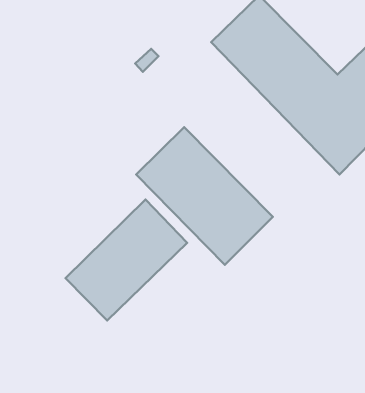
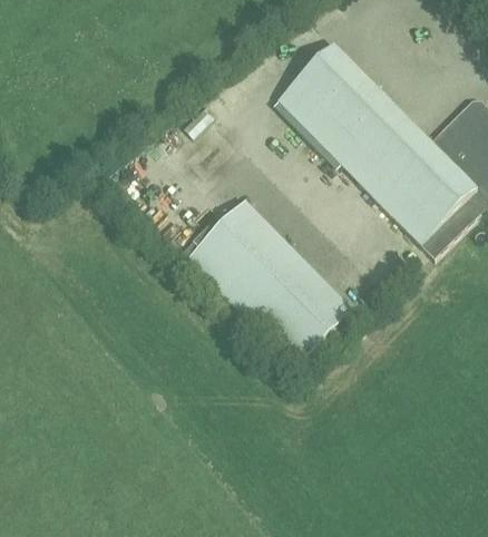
building: [66,200,187,321] -> none

